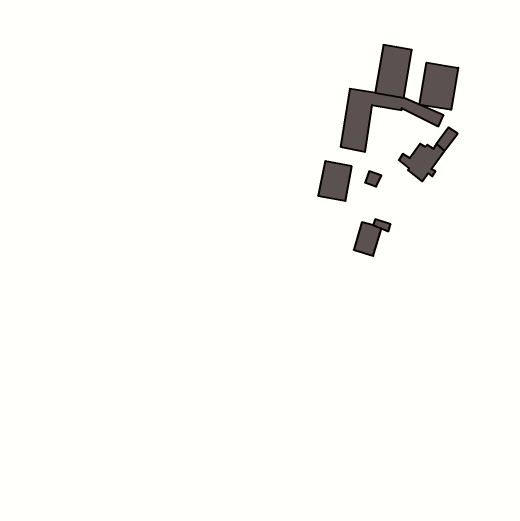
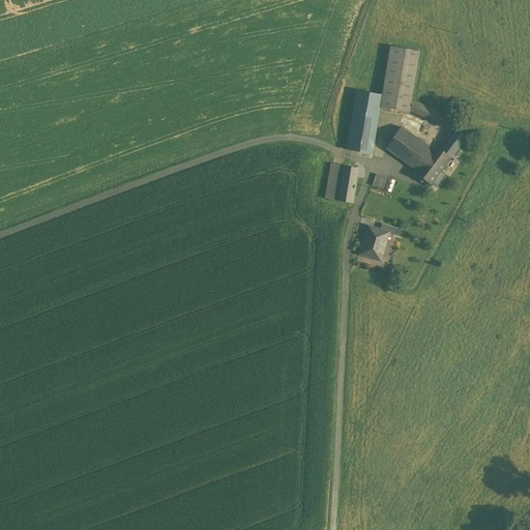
building: [419,63,458,110] -> none
building: none -> [385,126,426,163]

